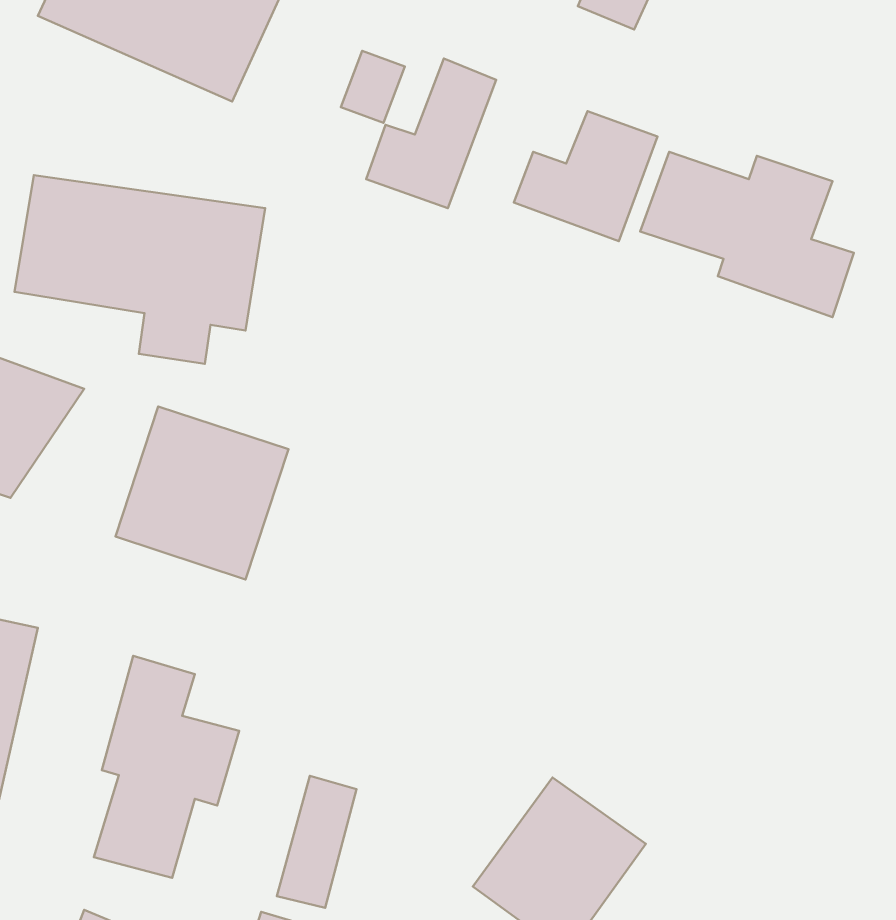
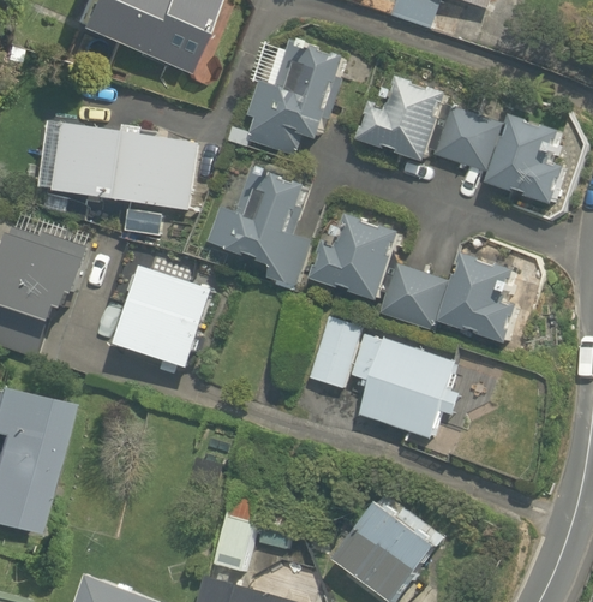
building: none -> [209,162,315,288]
building: none -> [310,213,399,299]
building: none -> [383,254,519,342]
building: none -> [307,321,460,437]
building: [94,656,239,878] -> none

